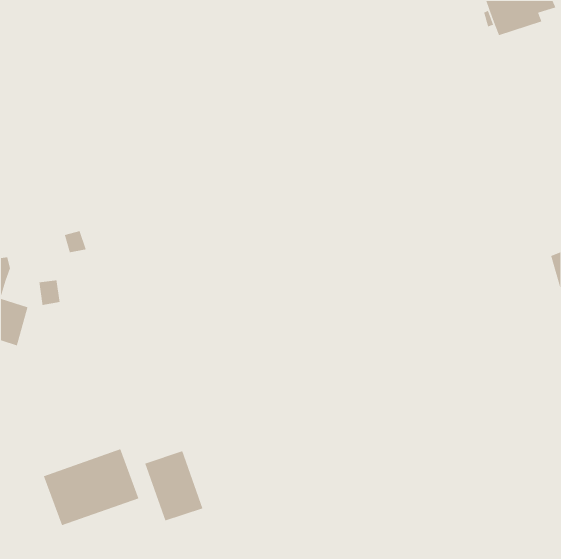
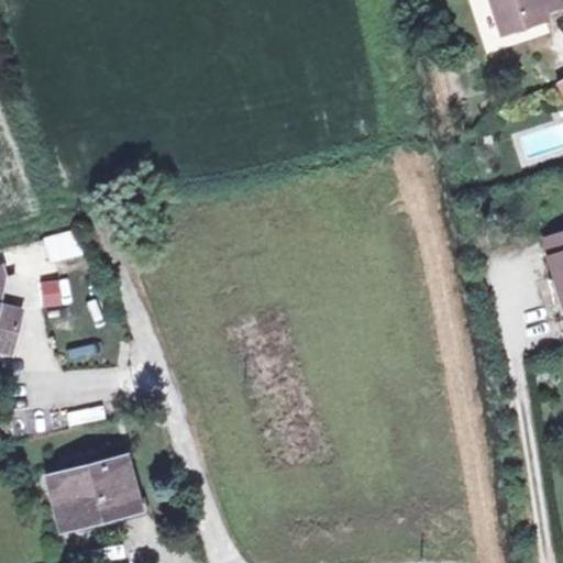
building: [144,450,203,522] -> none

